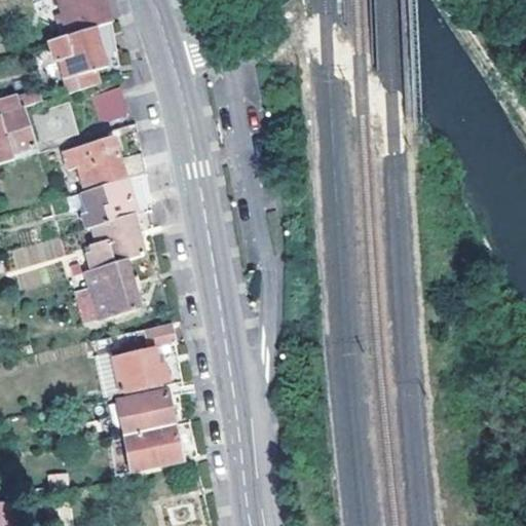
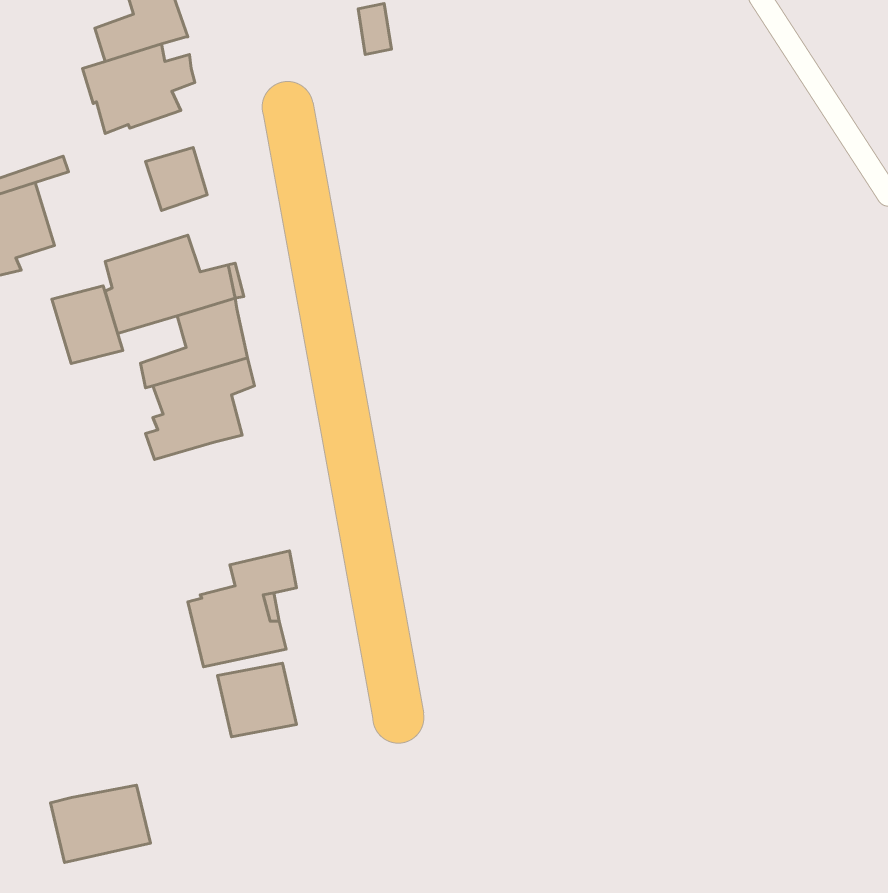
building: none -> [52,286,123,364]
building: [84,259,140,320] -> none
building: [123,424,182,469] -> [51,785,151,862]

